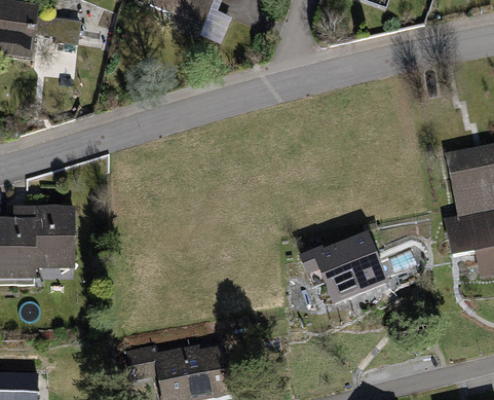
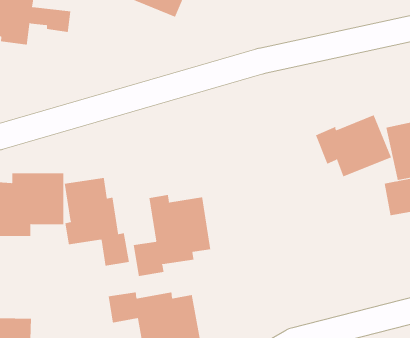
building: none -> [64,177,130,267]
building: none -> [133,194,211,277]
building: [298,232,386,304] -> [315,115,392,177]

